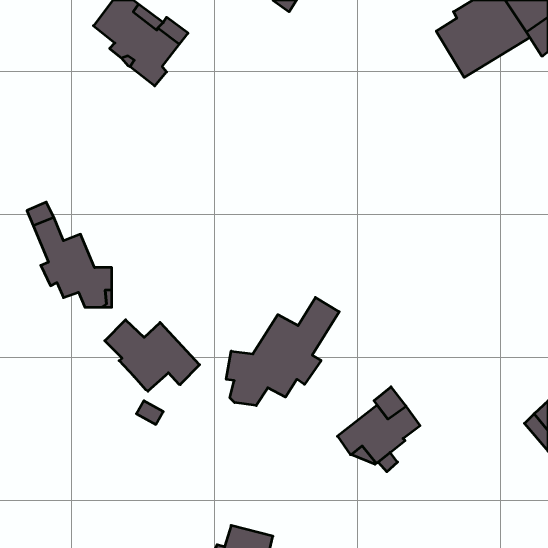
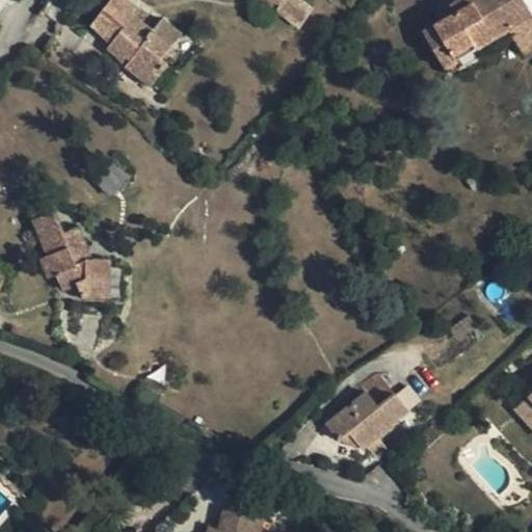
building: [226,297,339,406] -> none
building: [105,320,200,391] -> none

